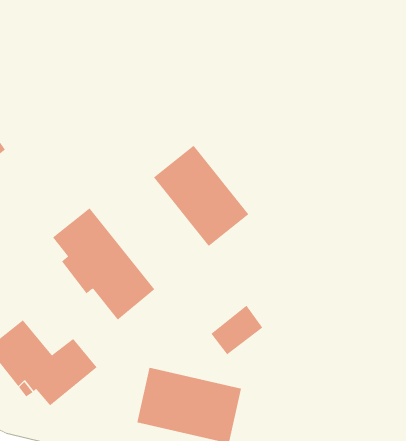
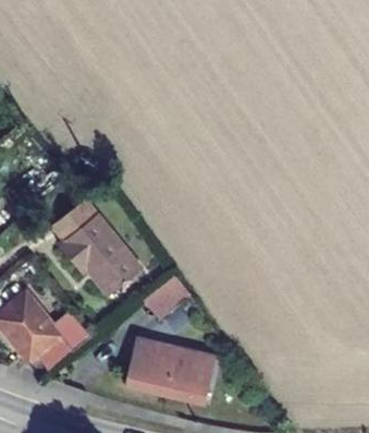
building: [153,145,249,247] -> none
building: [211,305,263,355] -> [143,276,188,320]

